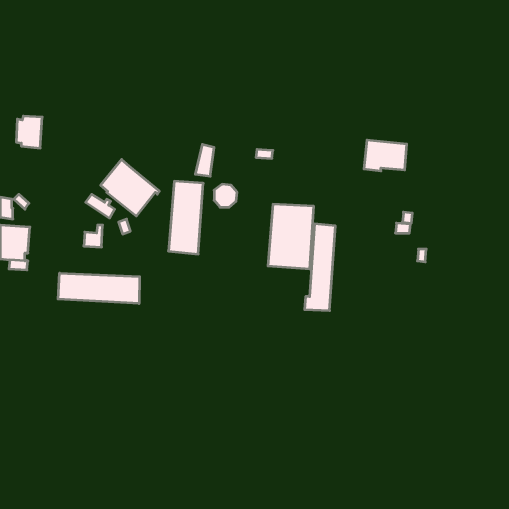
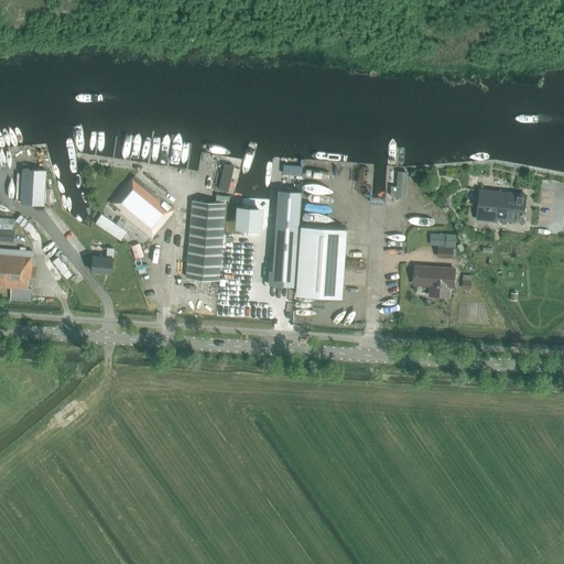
building: [16,116,42,148] -> [17,170,45,205]
building: [364,140,407,171] -> [476,188,523,223]
building: [305,224,335,311] -> [268,189,302,285]
building: none -> [413,267,454,297]
building: [58,273,140,304] -> none

